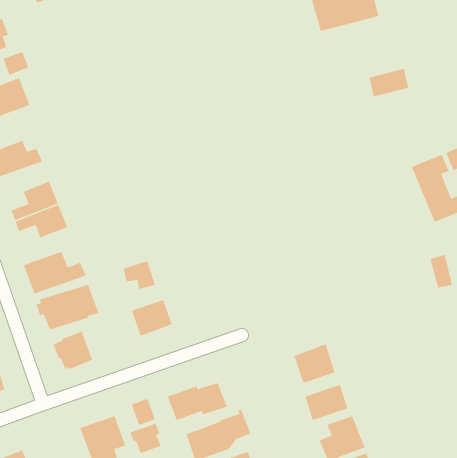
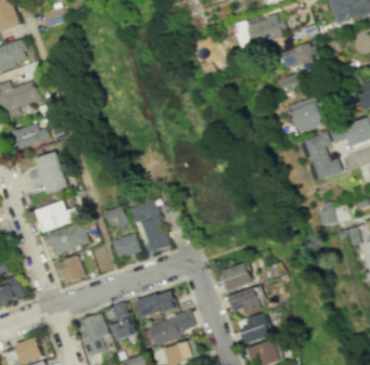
building: none -> [280,41,320,73]
building: none -> [290,96,324,133]
building: none -> [126,198,169,252]

